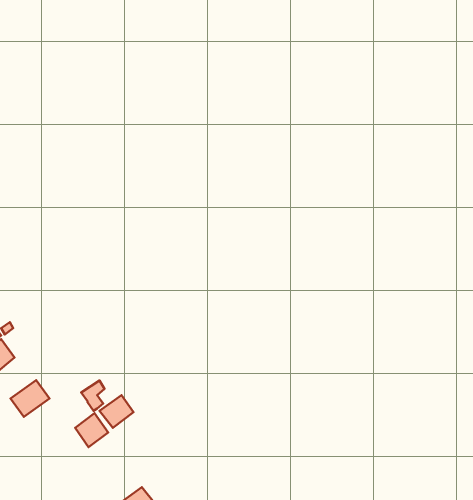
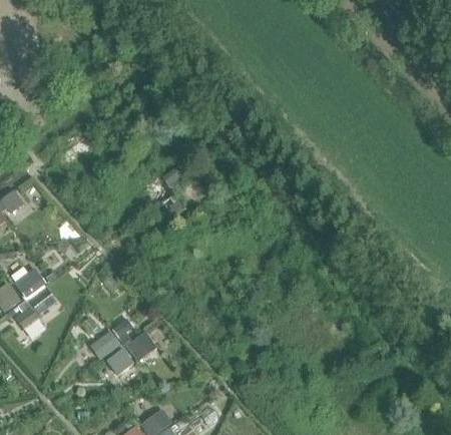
building: [11,380,49,417] -> [89,330,121,360]

